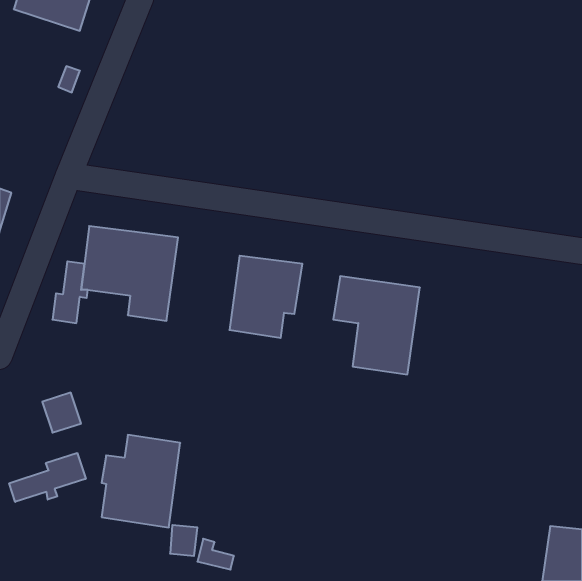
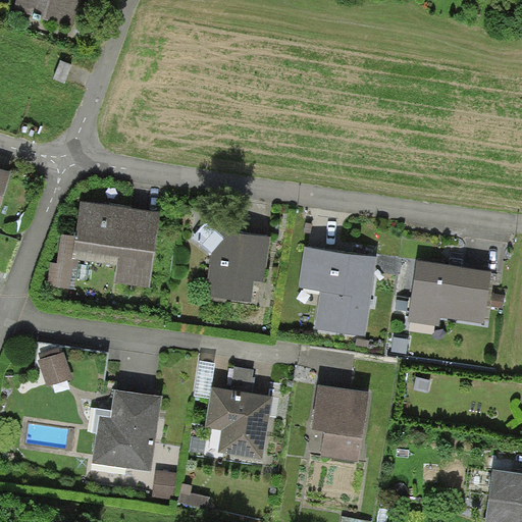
building: none -> [407,260,491,324]
building: none -> [310,384,368,461]
building: none -> [205,385,271,458]
building: [9,453,86,502] -> none

